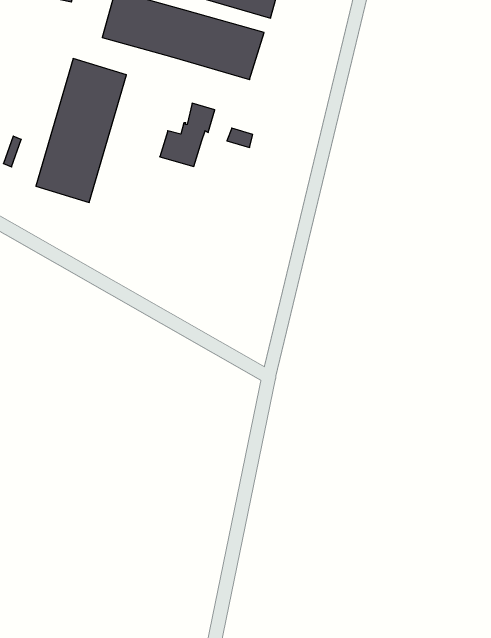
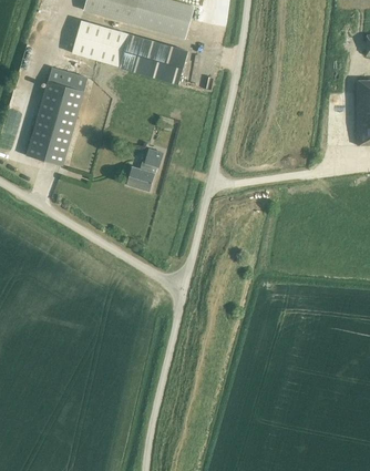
building: [160,103,215,166] -> [126,147,164,191]

